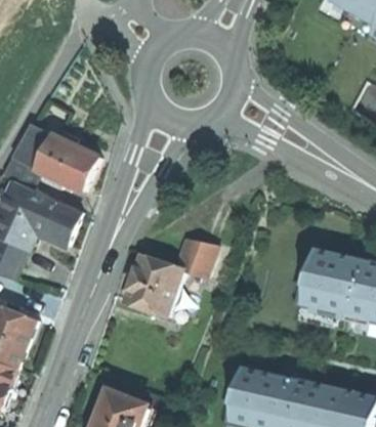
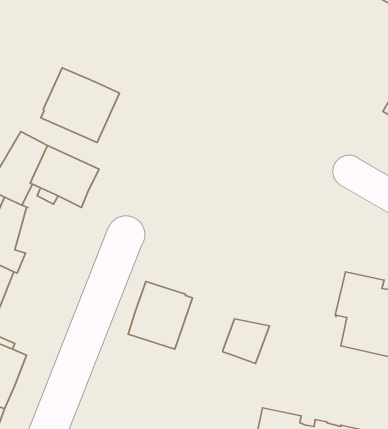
building: none -> [41,68,120,143]
building: [24,190,79,244] -> none
building: [173,239,214,277] -> [223,319,270,363]

